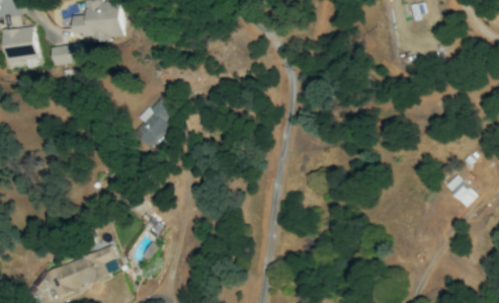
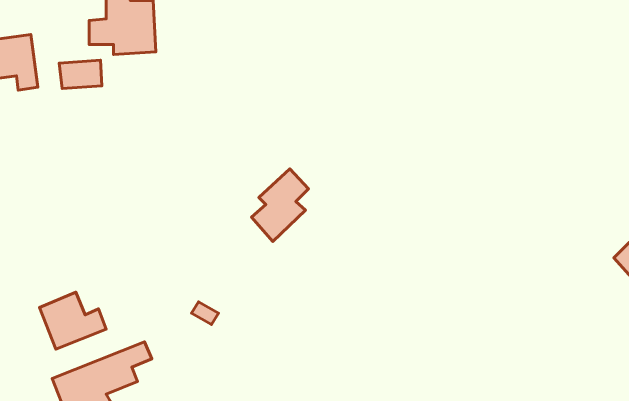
building: [132,97,172,149] -> [252,169,308,241]
building: none -> [39,292,106,349]

